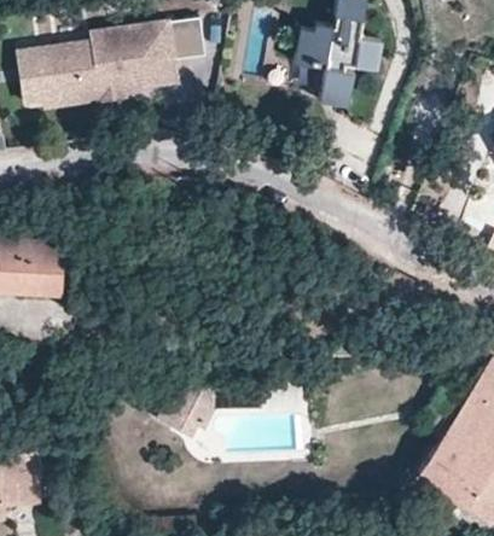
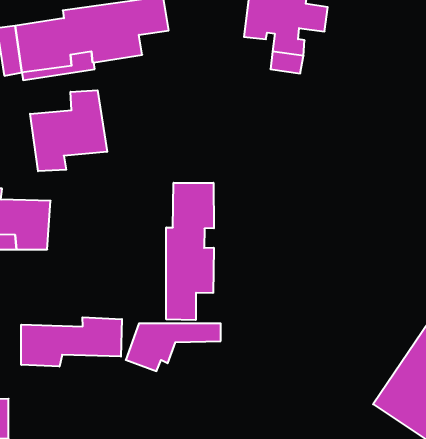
building: none -> [30,90,107,171]
building: none -> [166,183,214,320]
building: none -> [21,317,122,367]

